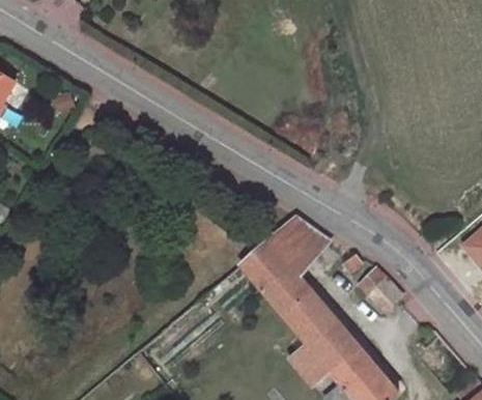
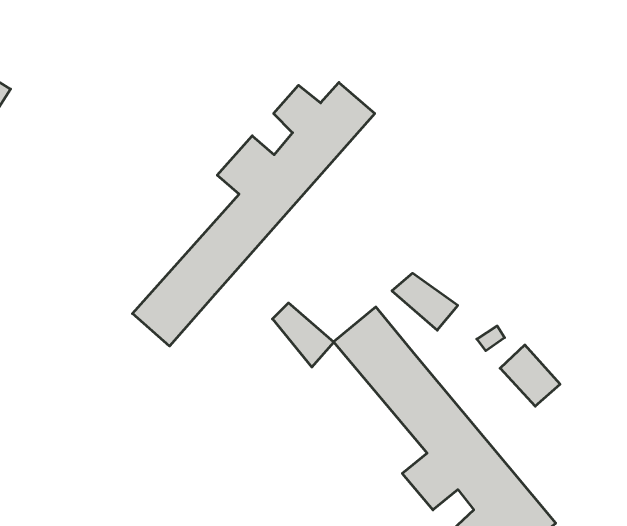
building: none -> [132,82,375,346]
building: [272,229,315,275] -> [272,303,334,367]

